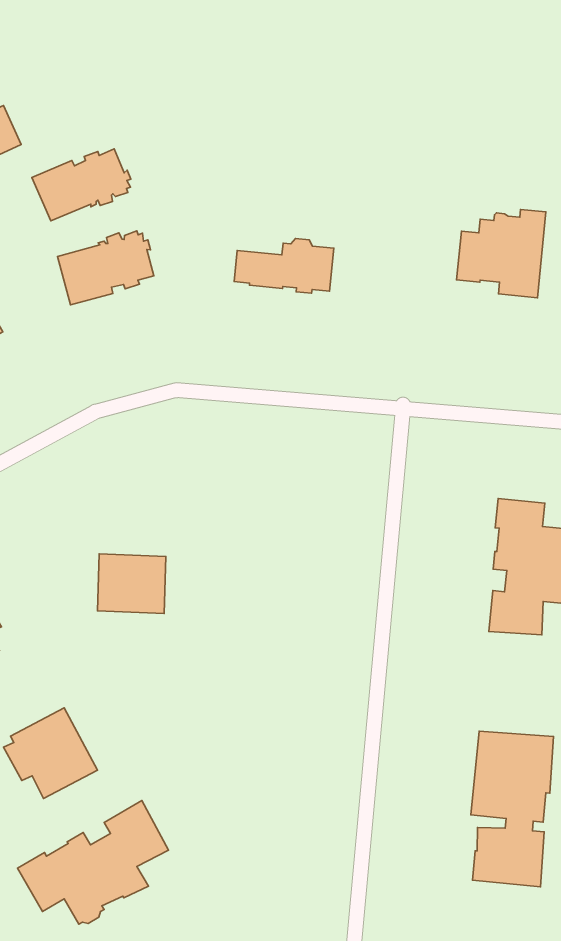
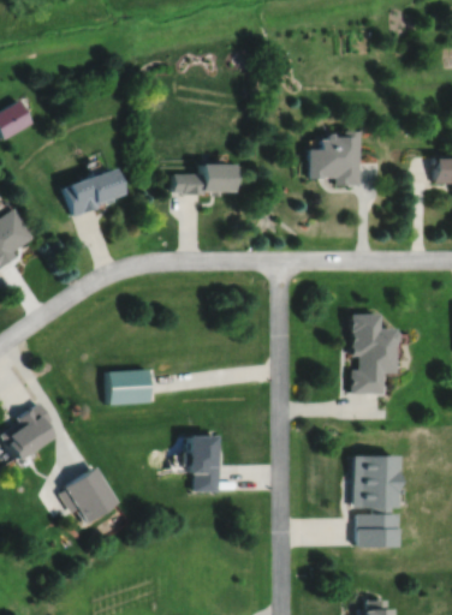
building: [32,149,131,221] -> none
building: none -> [183,432,220,490]
building: [17,801,168,924] -> none

